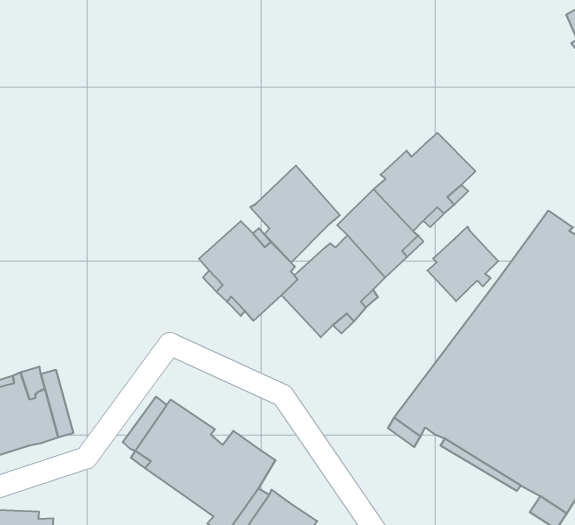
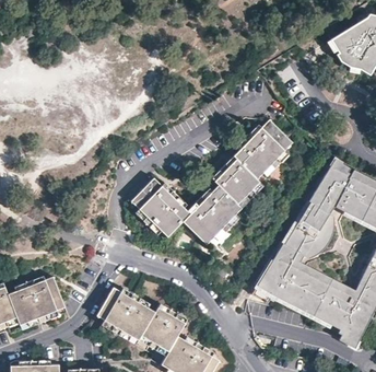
building: [250,166,340,263] -> none
building: [427,227,498,301] -> none

